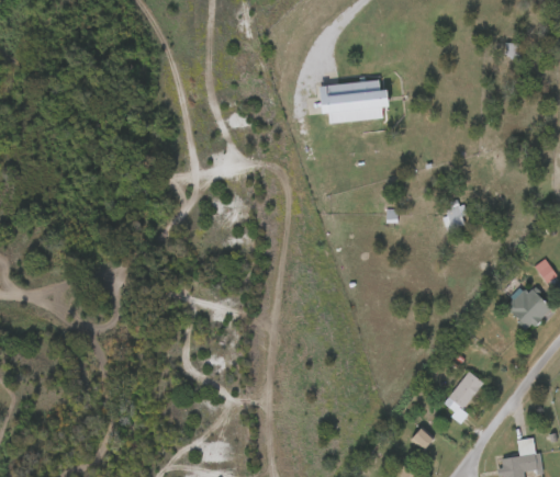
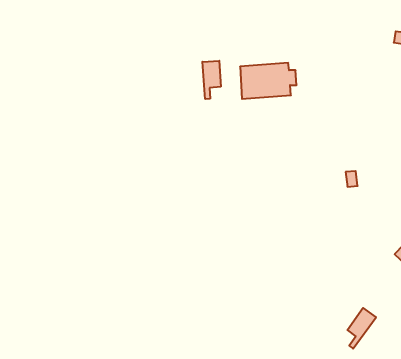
building: none -> [202,61,221,99]

